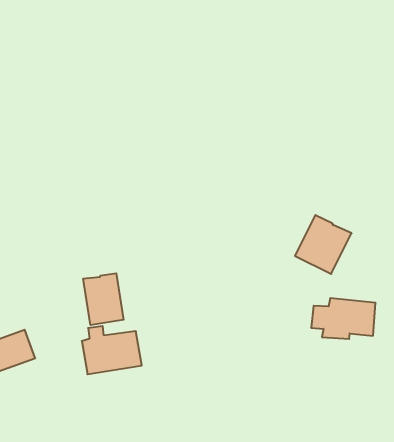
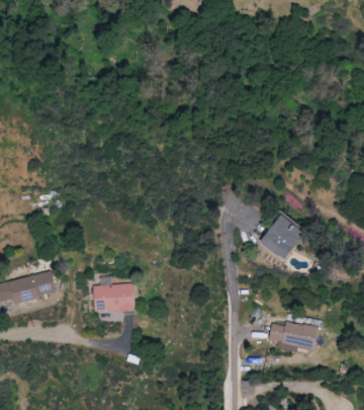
building: [83,273,124,325] -> none
building: [311,298,376,339] -> [268,320,318,352]

